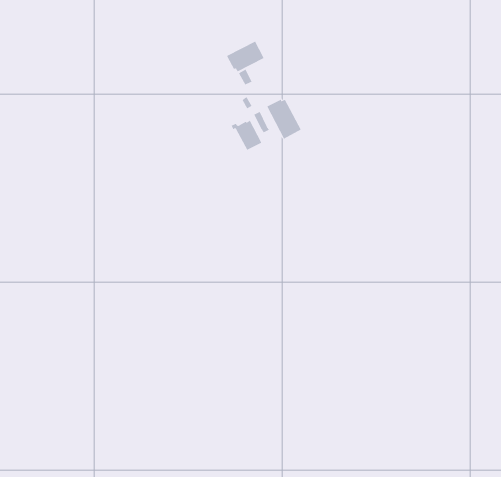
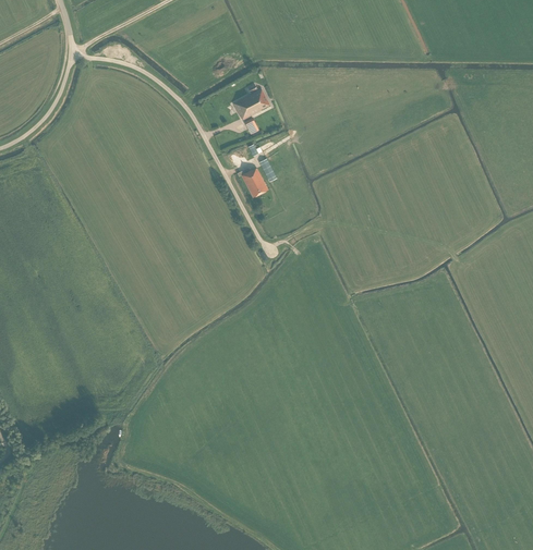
building: [266,99,301,139] -> none

